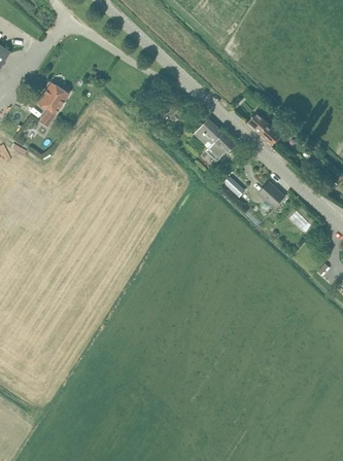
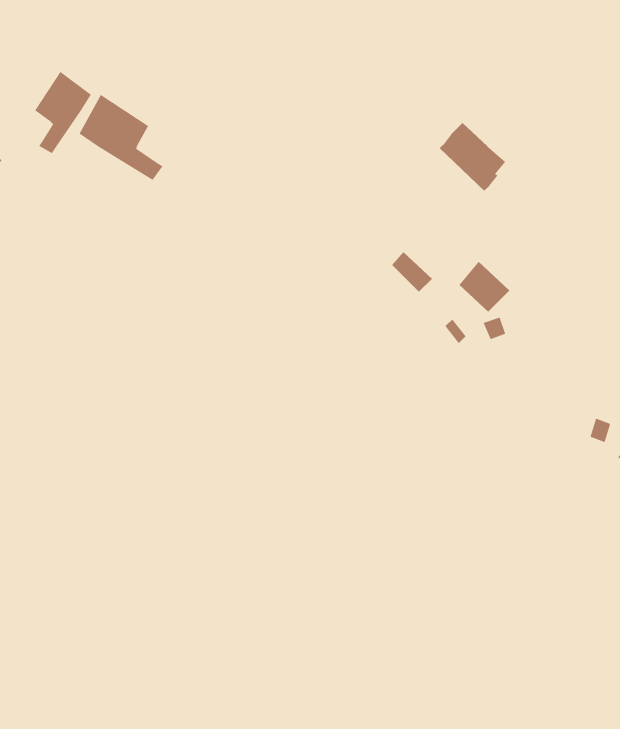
building: none -> [78,94,164,181]
building: [195,118,236,157] -> none

